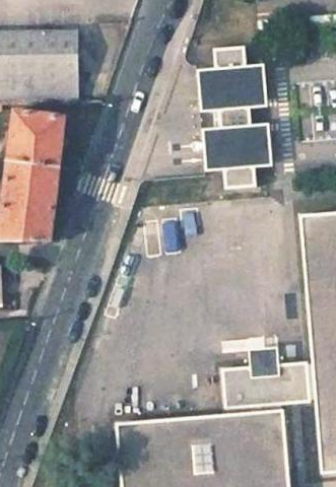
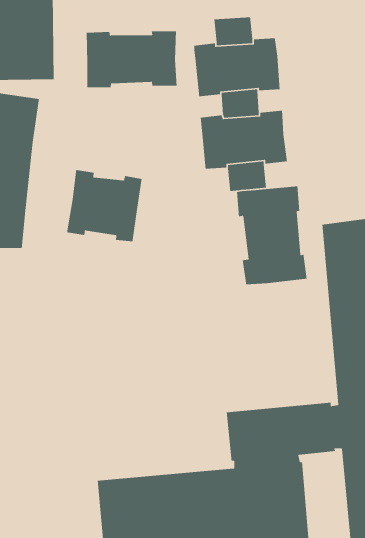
building: none -> [86,31,178,88]
building: none -> [66,169,142,242]
building: none -> [236,186,308,285]

